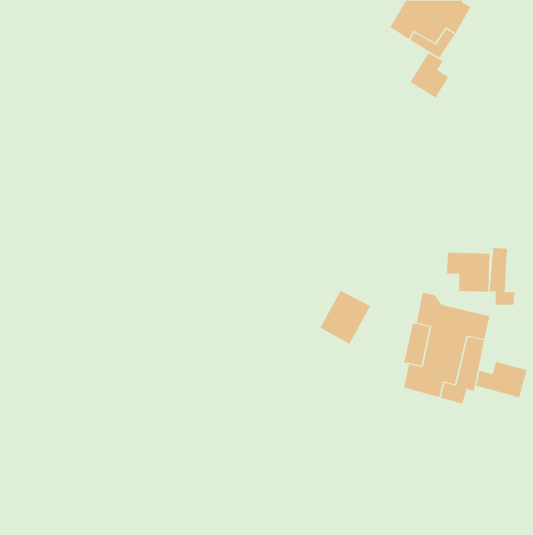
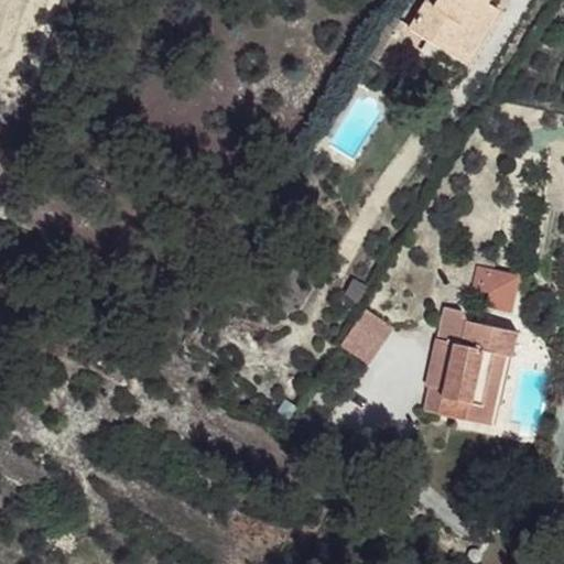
building: [410,52,449,98] -> none
building: [489,247,515,306] -> none
building: [475,361,527,398] -> none

